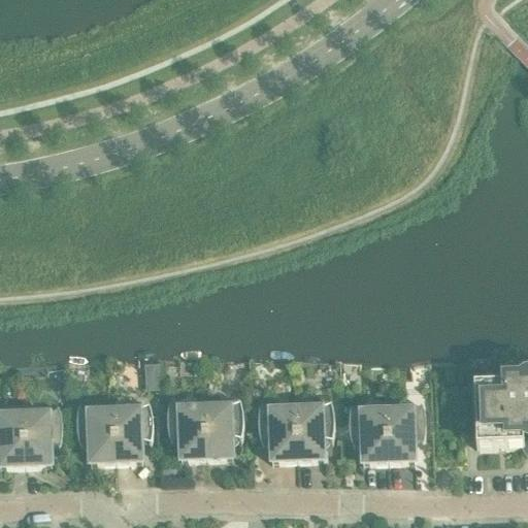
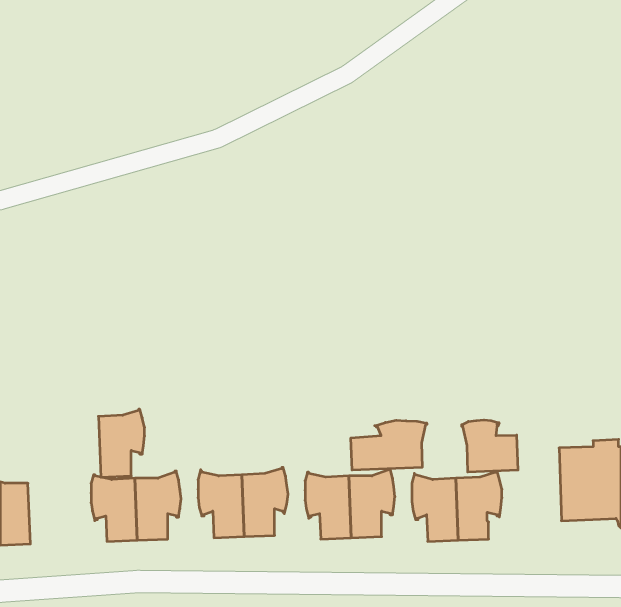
building: none -> [462,420,518,472]
building: none -> [351,420,427,470]
building: [24,404,63,462] -> [98,409,145,477]

